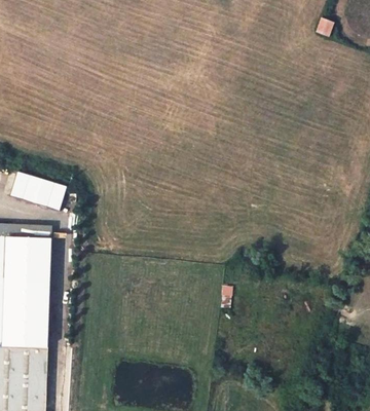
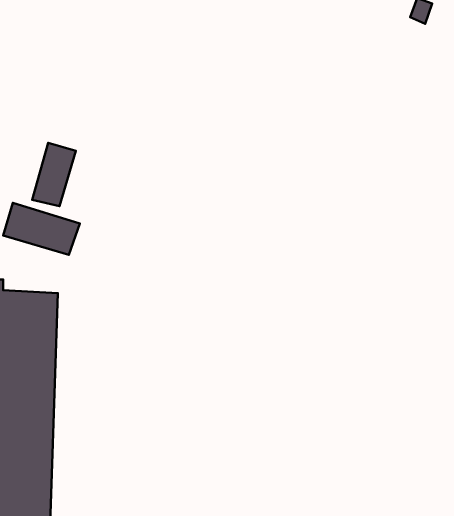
building: none -> [32,143,76,206]

